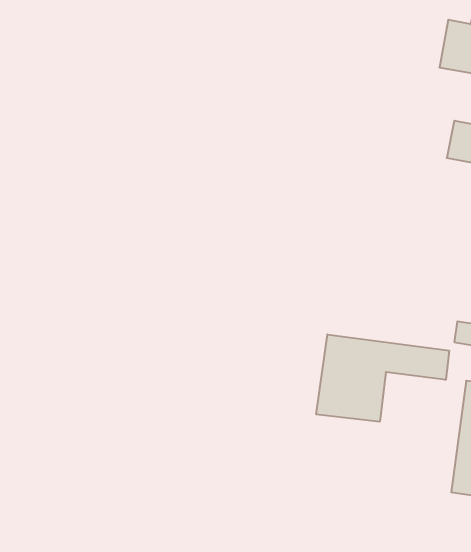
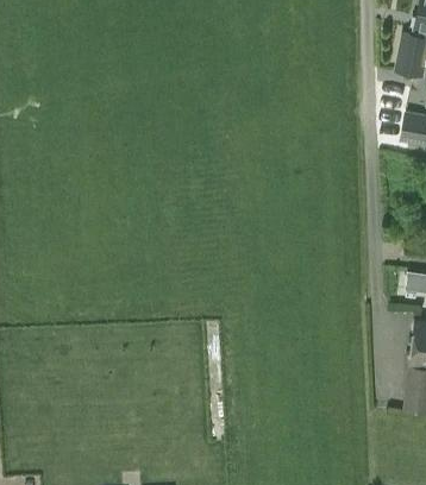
building: [316,334,449,422] -> none

